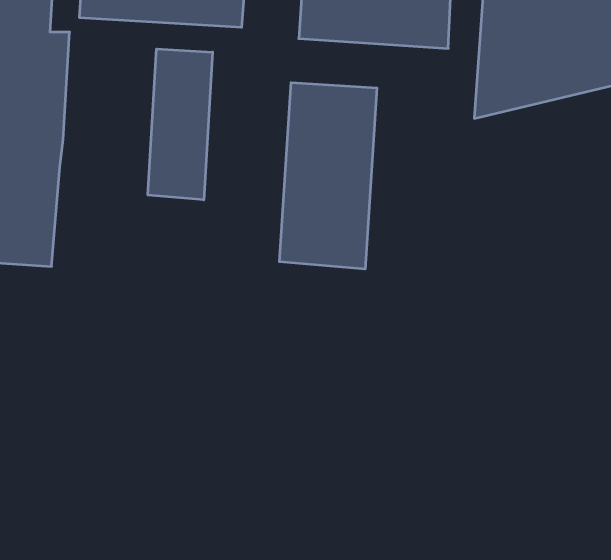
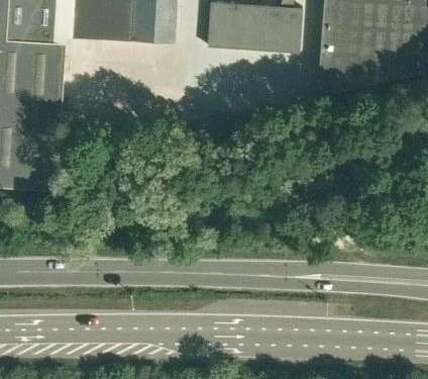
building: [148,49,213,200] -> none
building: [279,83,377,269] -> none

